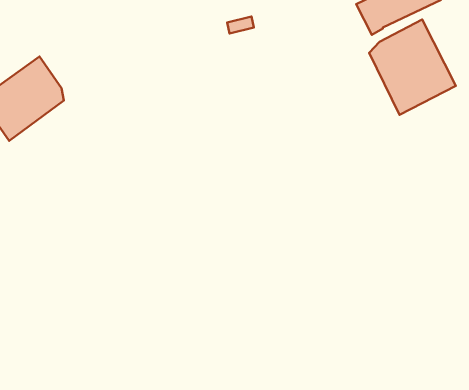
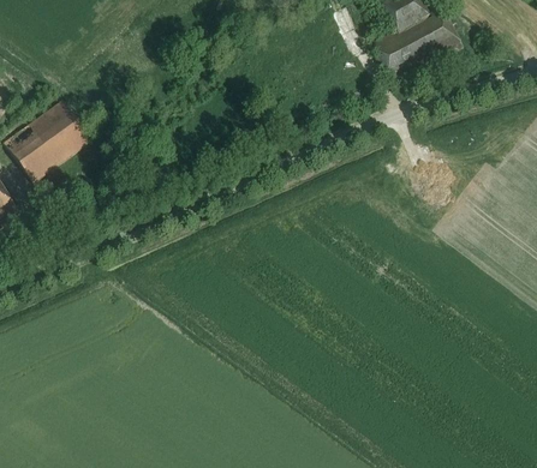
building: [369,19,456,115] -> none

